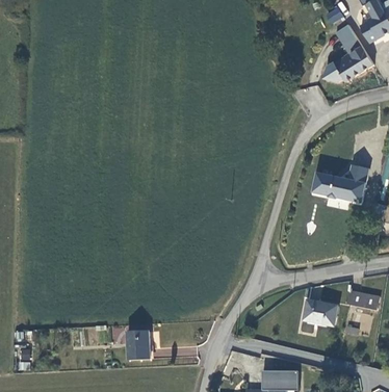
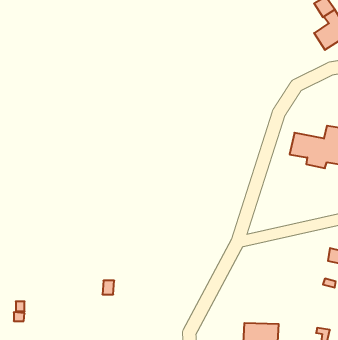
building: [303,299,337,323] -> none
building: [126,332,149,360] -> none

